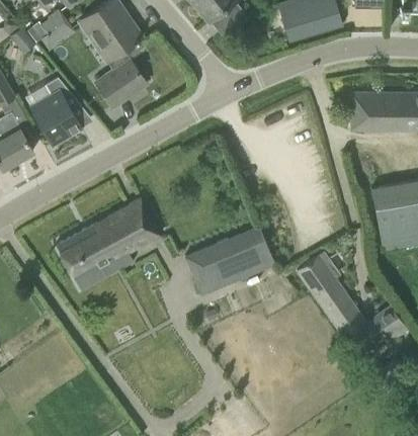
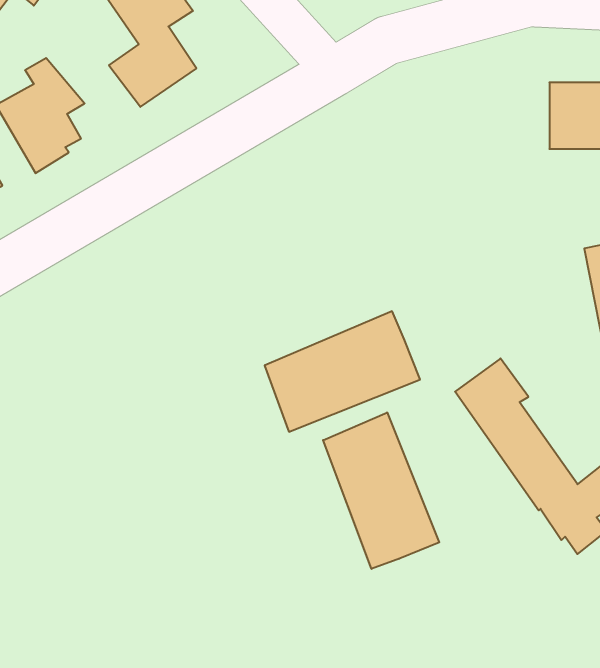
building: [56,197,162,280] -> none
building: none -> [323,412,439,569]

